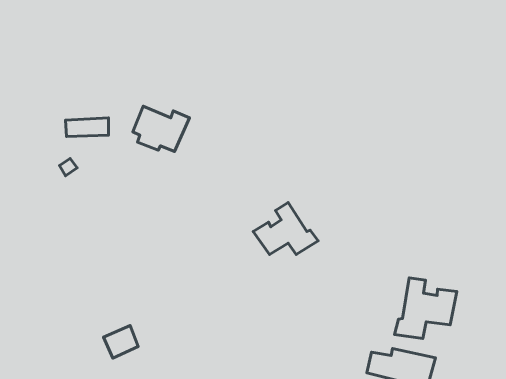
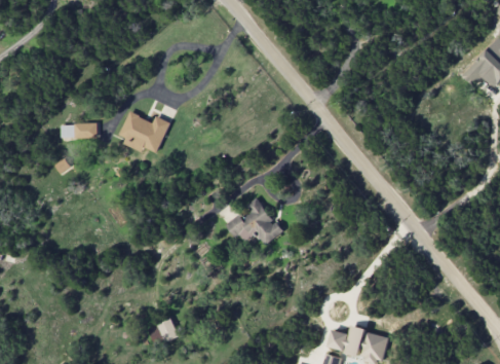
building: [395,278,457,338] -> none
building: [104,326,138,358] -> [148,318,179,347]

